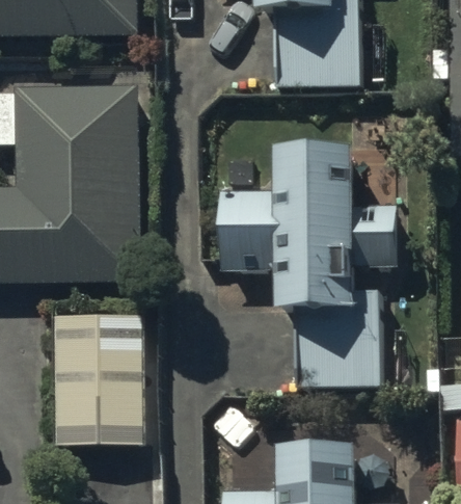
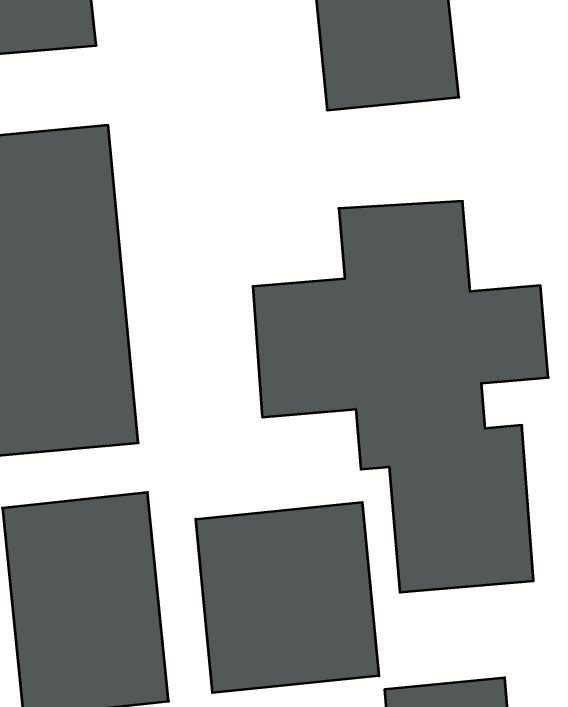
building: none -> [196,502,379,693]

